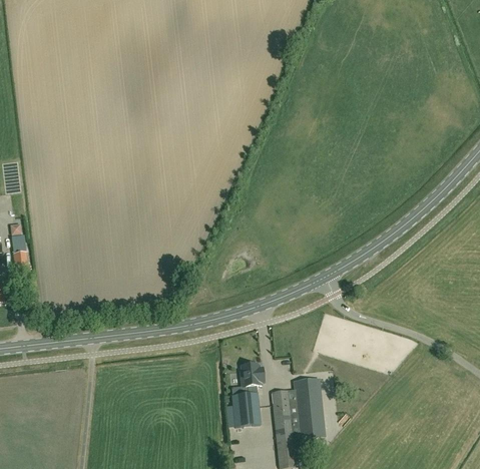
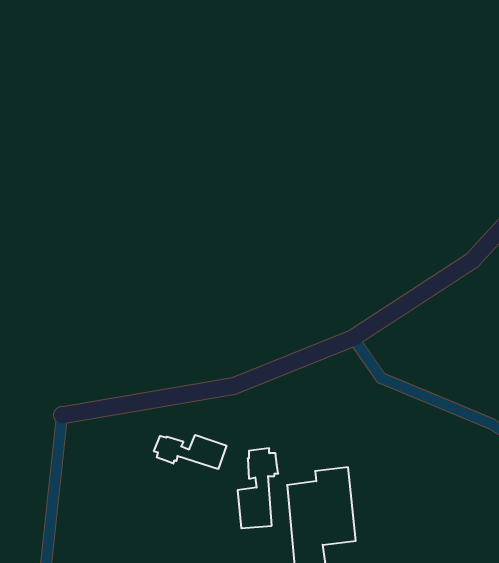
building: none -> [154,435,226,469]

